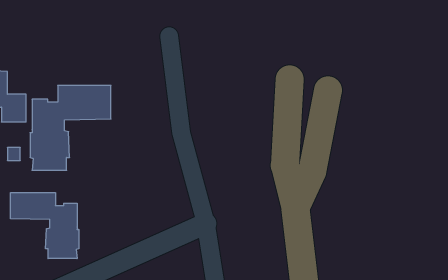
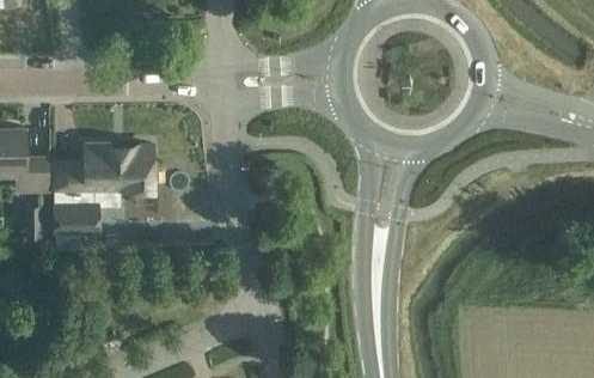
building: [11,193,79,259] -> none

